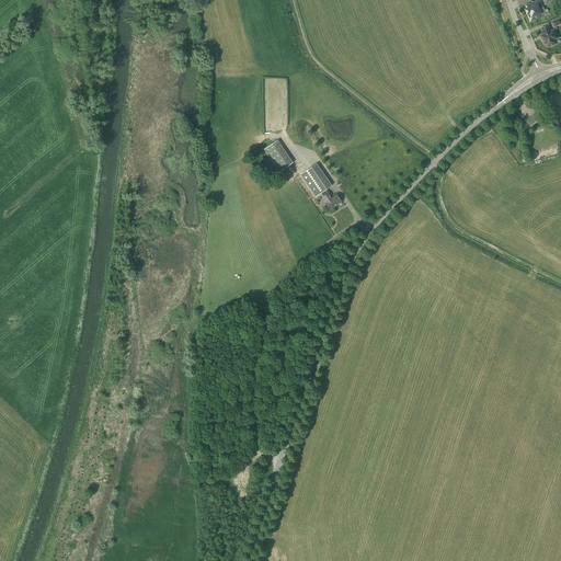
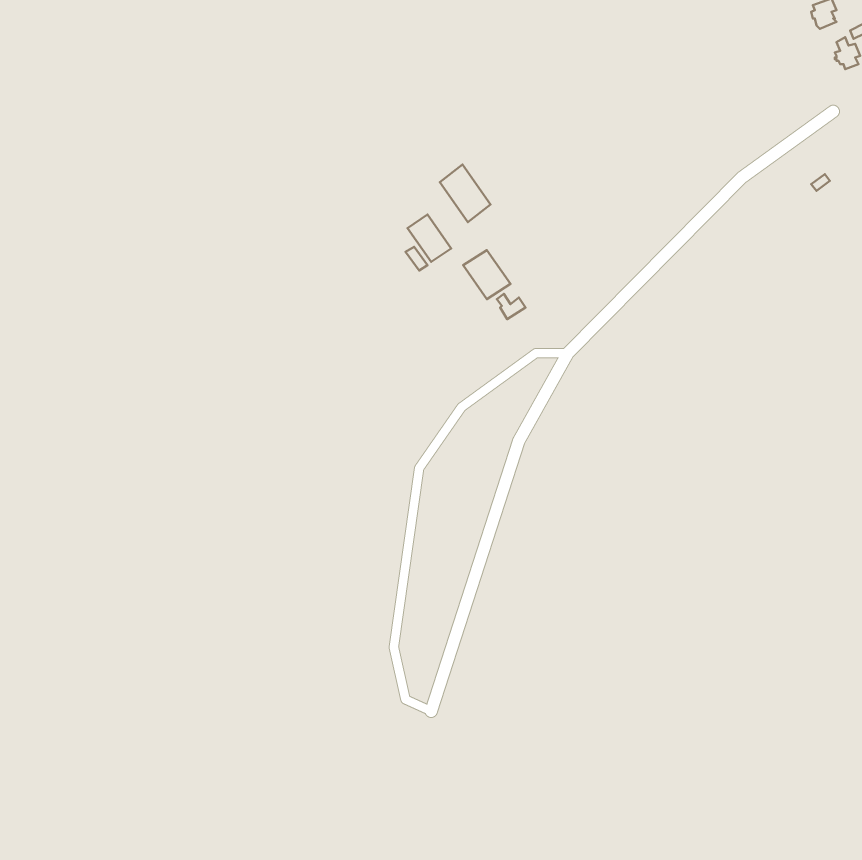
building: none -> [440,165,491,222]

